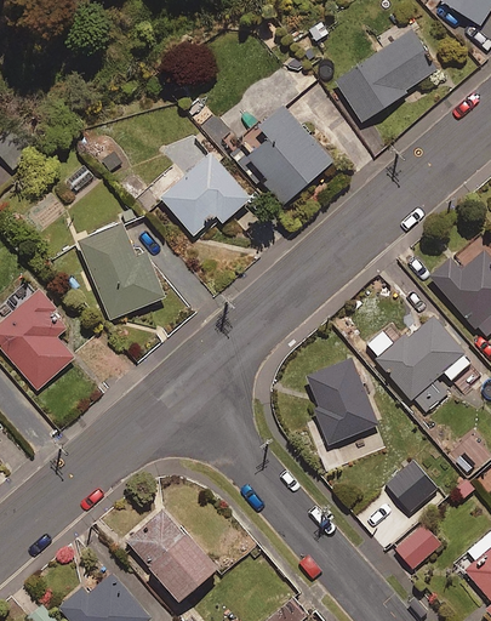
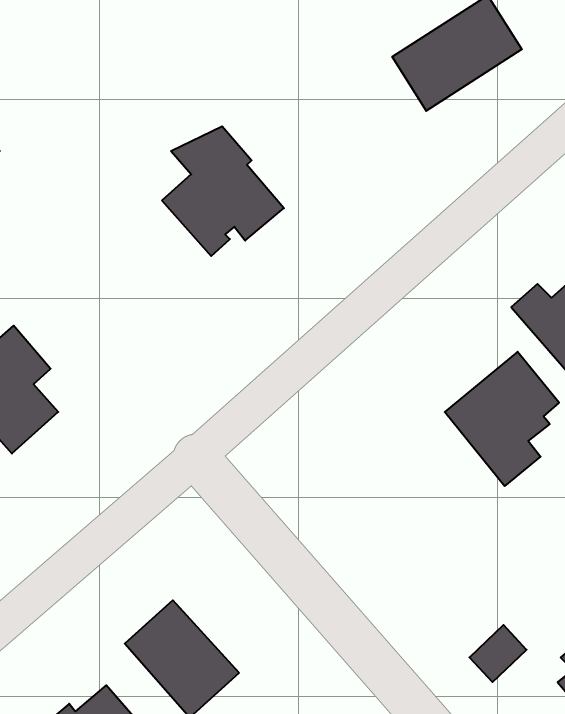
building: [234,108,338,210] -> none
building: [76,221,162,319] -> none
building: [307,359,384,465] -> none
building: [384,460,438,513] -> none

